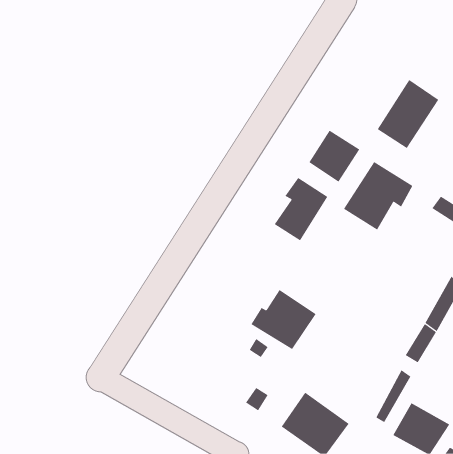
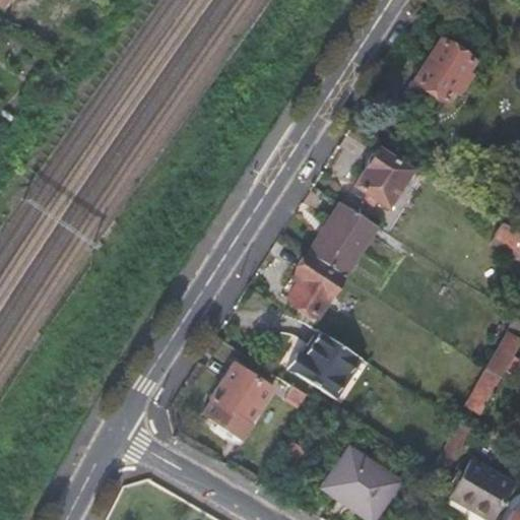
building: [377,79,439,149] -> [404,39,475,118]
building: [343,161,413,231] -> none
building: none -> [288,252,345,318]
building: none -> [204,363,273,437]

